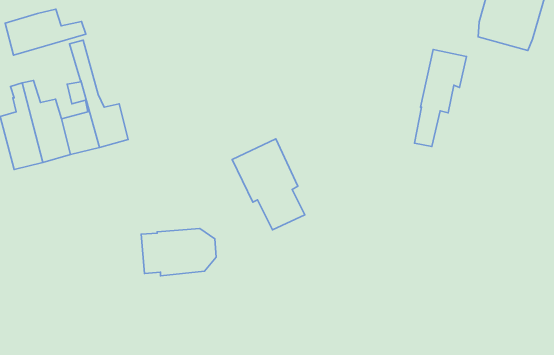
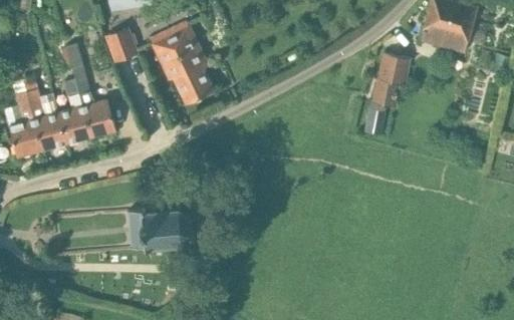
building: [5,9,86,55] -> none
building: none -> [104,28,139,64]
building: [232,139,305,230] -> [151,26,214,105]

